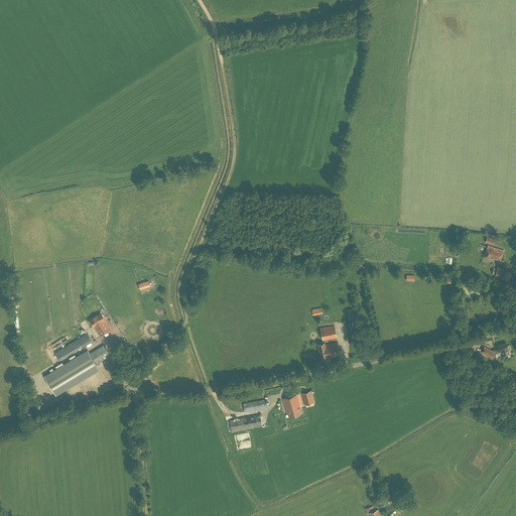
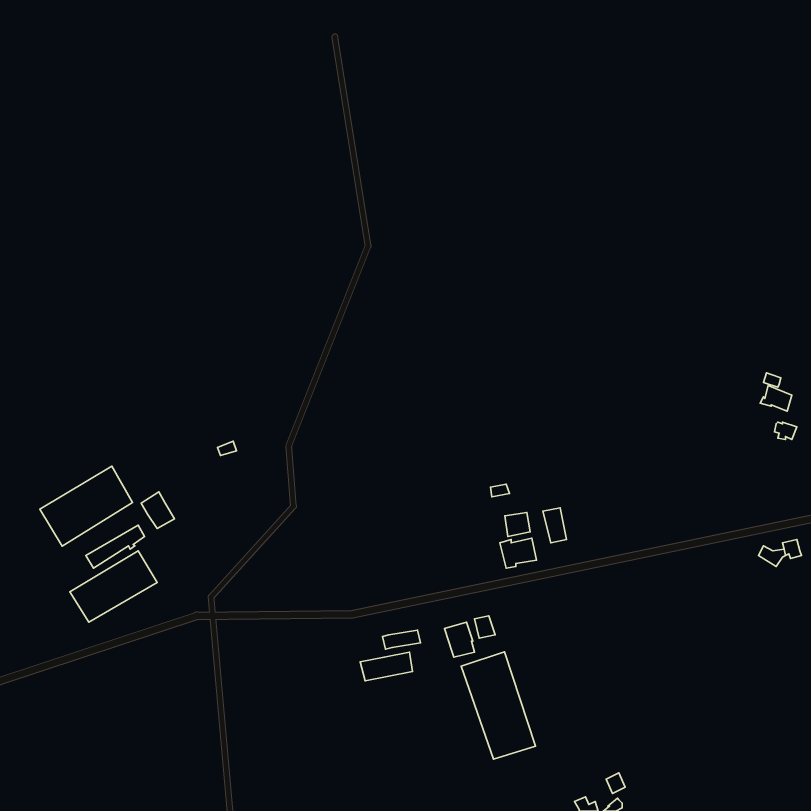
building: none -> [40,466,132,546]
building: none -> [461,652,536,759]

